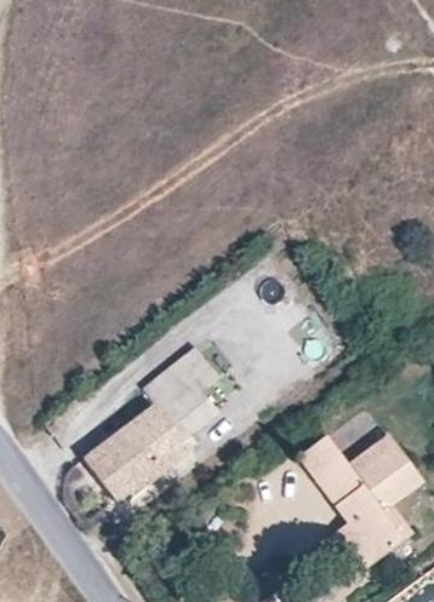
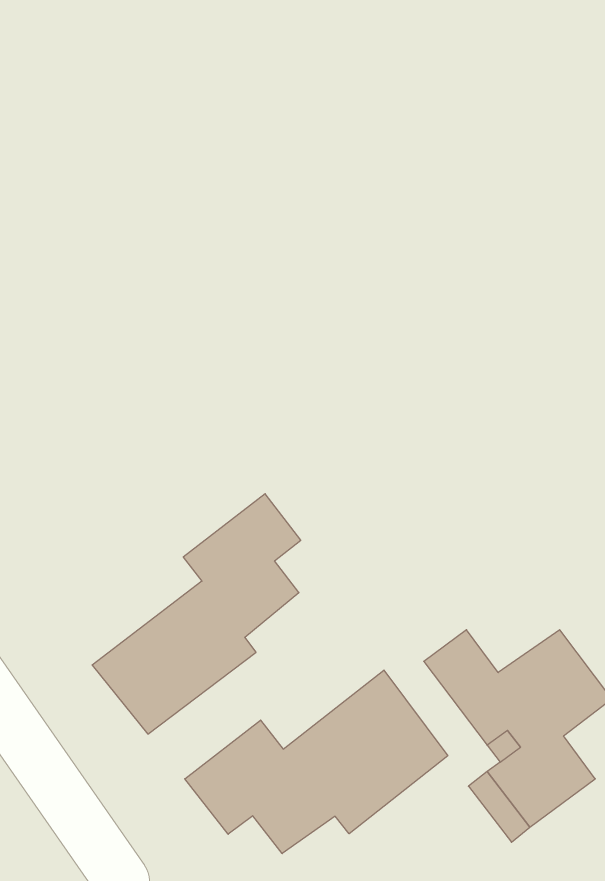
building: none -> [185,670,448,854]

